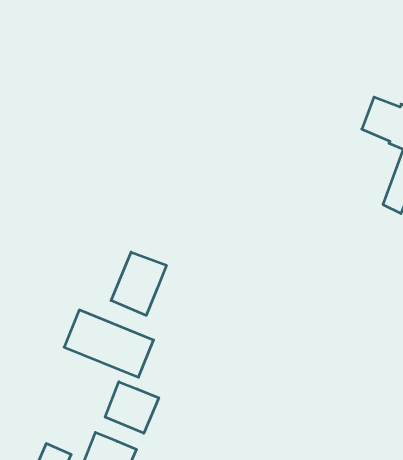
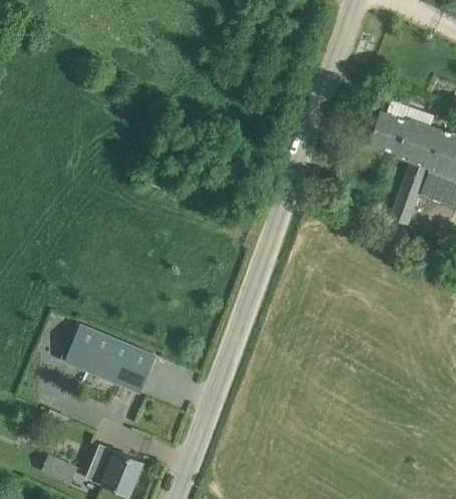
building: [111,252,166,315] -> none
building: [105,382,159,433] -> none

